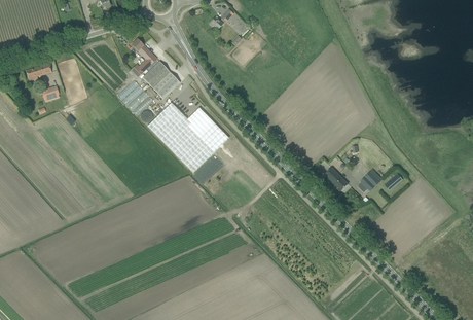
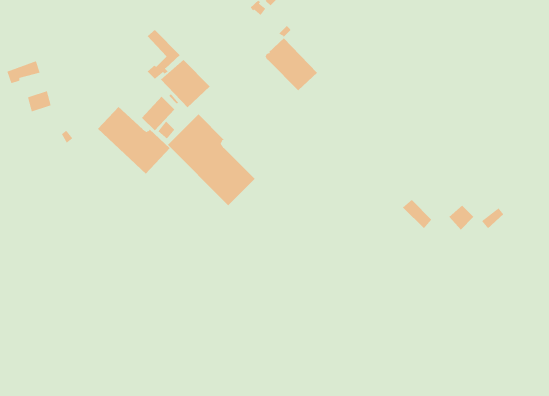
building: none -> [97,106,170,175]
building: [188,111,228,152] -> [265,37,318,92]

